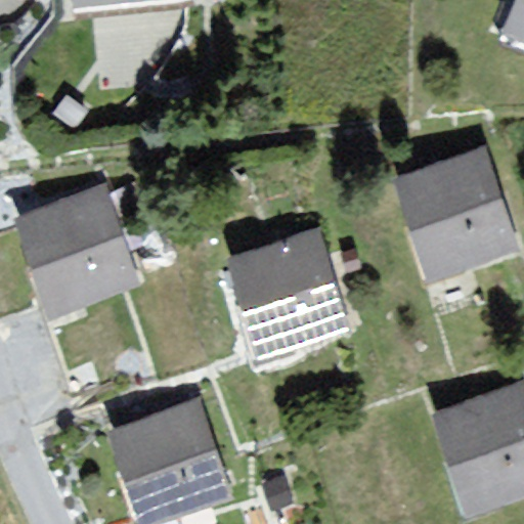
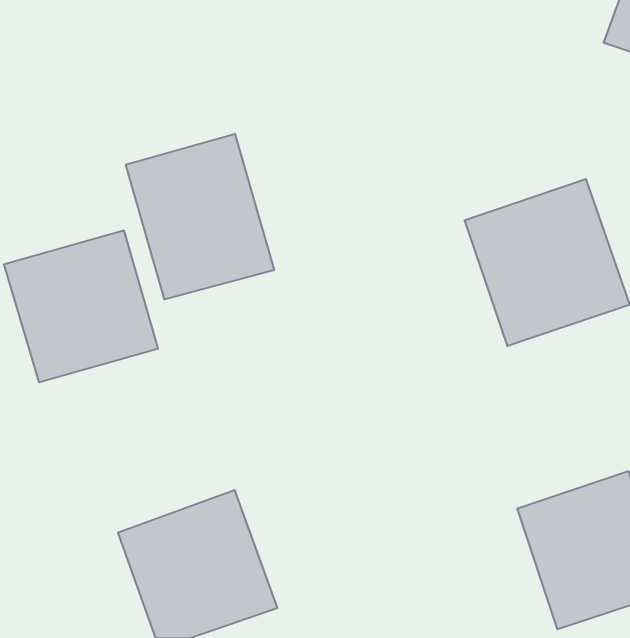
building: none -> [126,134,274,299]
building: [220,228,349,355] -> none

